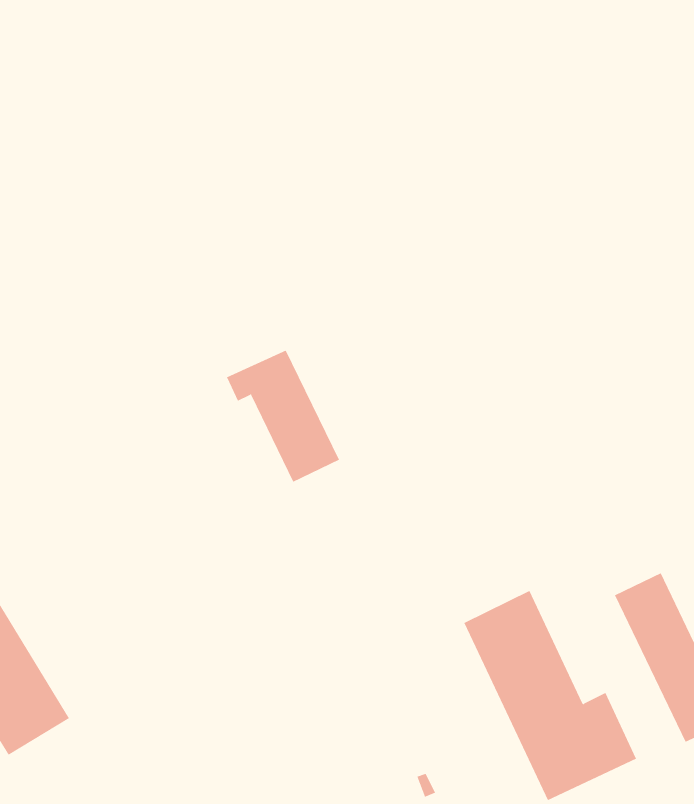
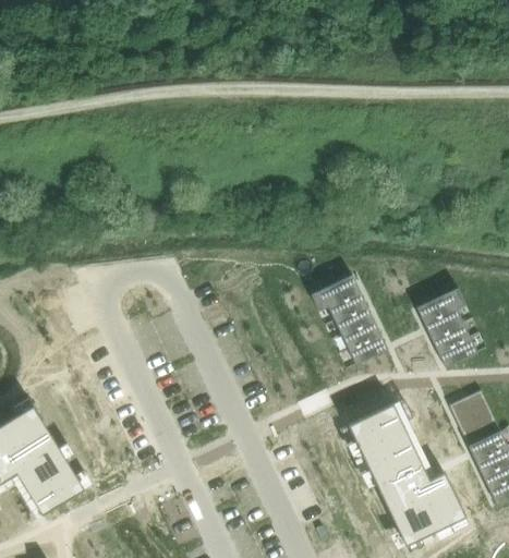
building: [226,350,340,483] -> [311,275,387,364]
building: none -> [416,288,476,367]

